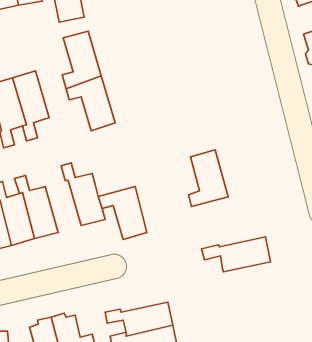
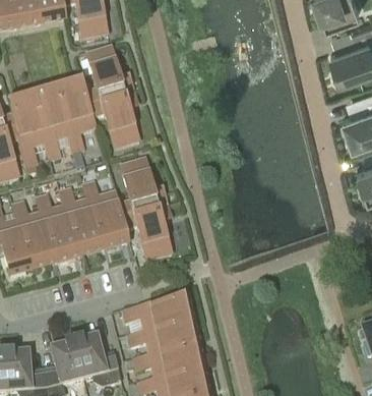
building: none -> [57,80,95,153]
building: [188,150,228,207] -> [118,158,159,216]
building: none -> [59,187,104,252]
building: [202,237,270,272] -> [122,298,192,334]

